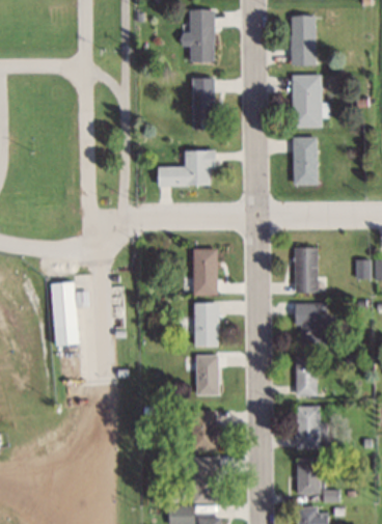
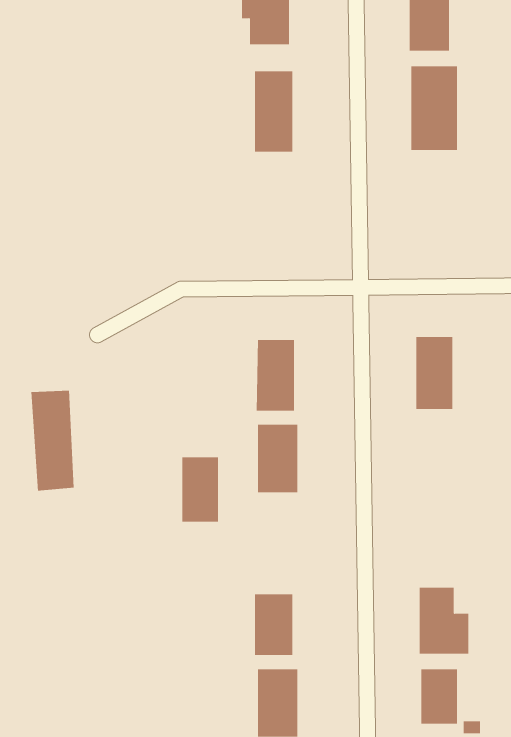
building: [292,138,319,185] -> none
building: [156,149,214,186] -> none
building: [294,303,327,346] -> none
building: [195,355,219,396] -> [181,457,219,522]
building: [296,356,317,396] -> none

